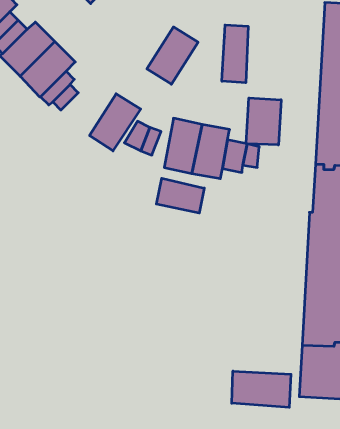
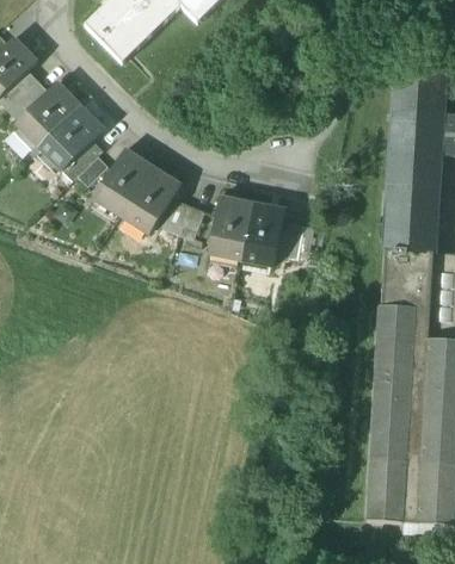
building: [222,25,248,83] -> none
building: [147,27,198,84] -> [92,148,152,215]
building: [246,98,281,145] -> none
building: [156,178,204,213] -> none
building: [232,371,291,407] -> none

